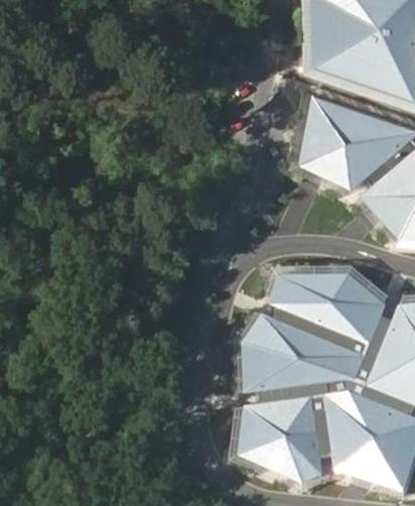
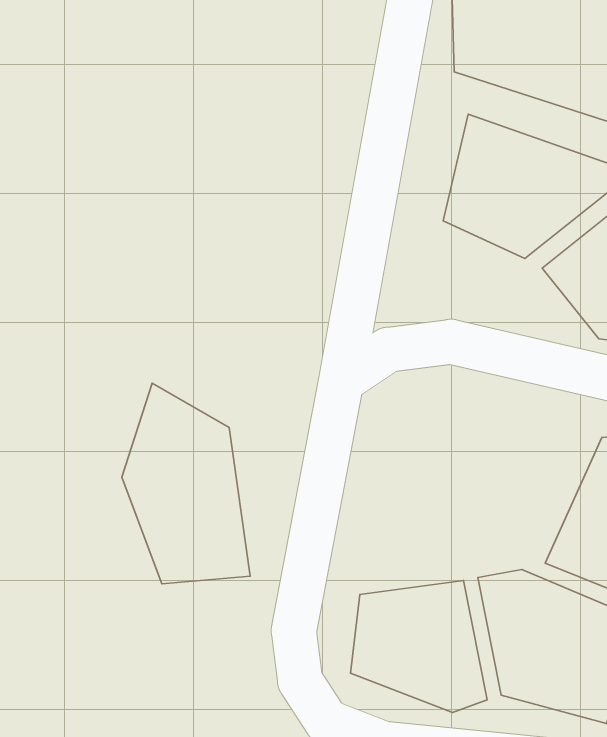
building: none -> [122,383,250,584]
building: [267,272,386,342] -> none
building: [242,311,362,393] -> none

